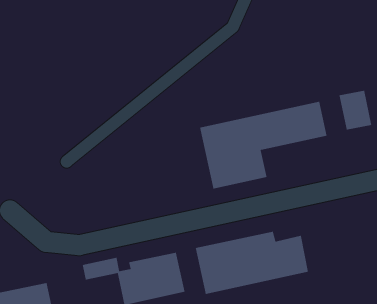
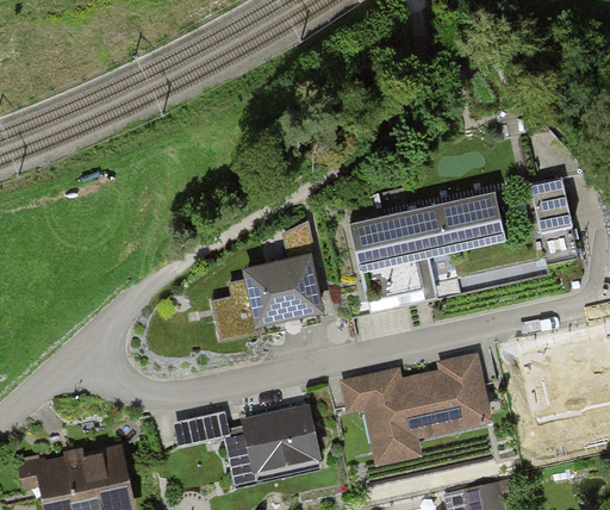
building: none -> [213,254,325,335]

